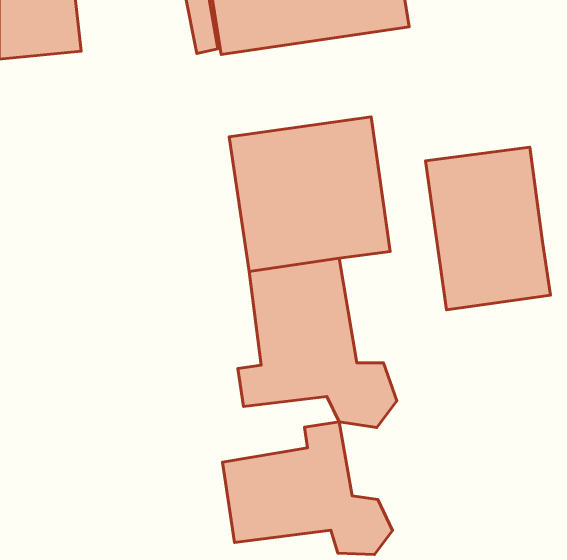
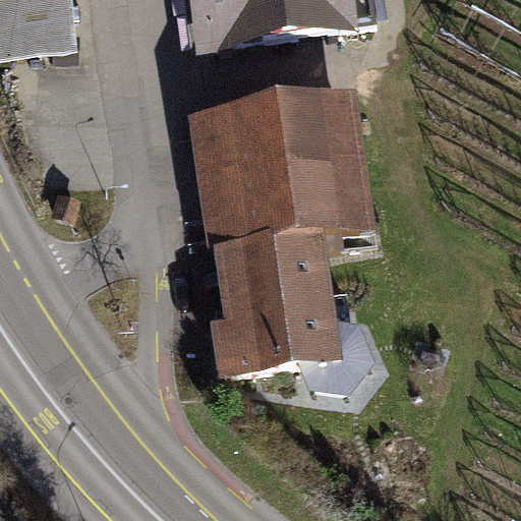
building: [425,147,550,310] -> none
building: [223,422,393,554] -> none

